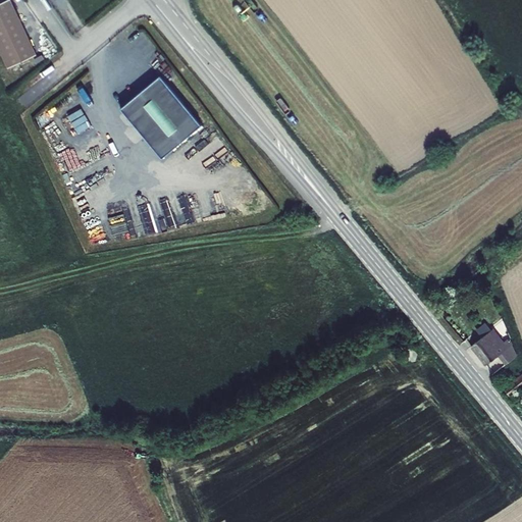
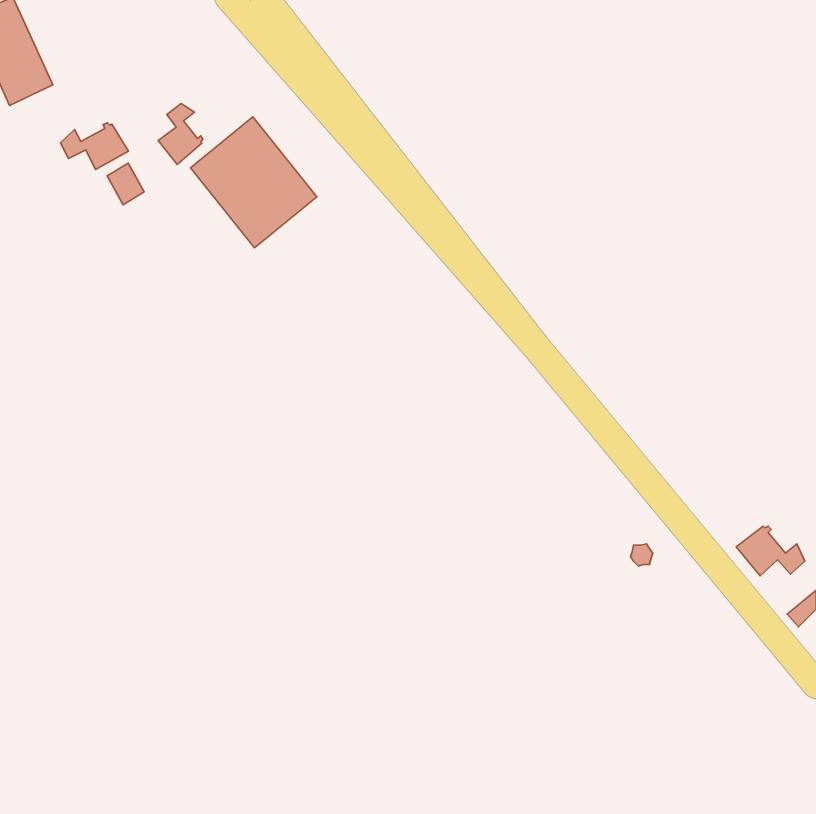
building: none -> [158,103,203,164]
building: none -> [60,123,128,169]

